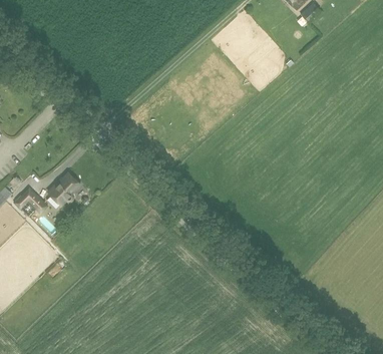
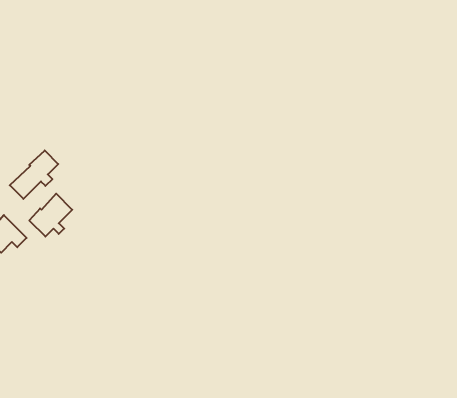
building: none -> [10,150,58,199]

